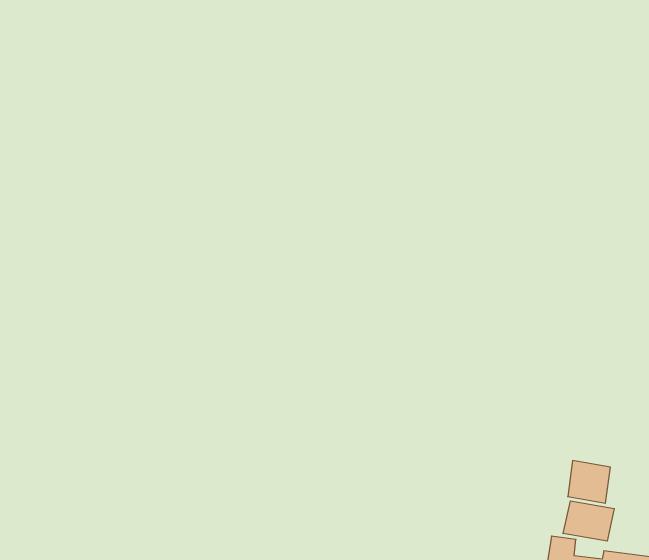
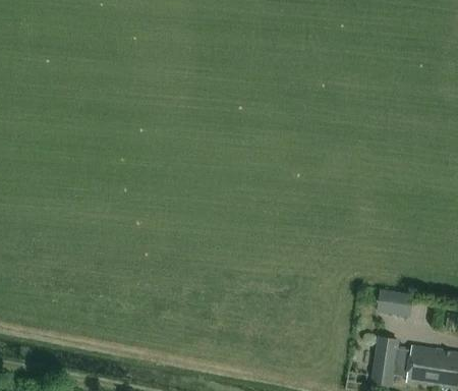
building: [563,501,614,541] -> none

